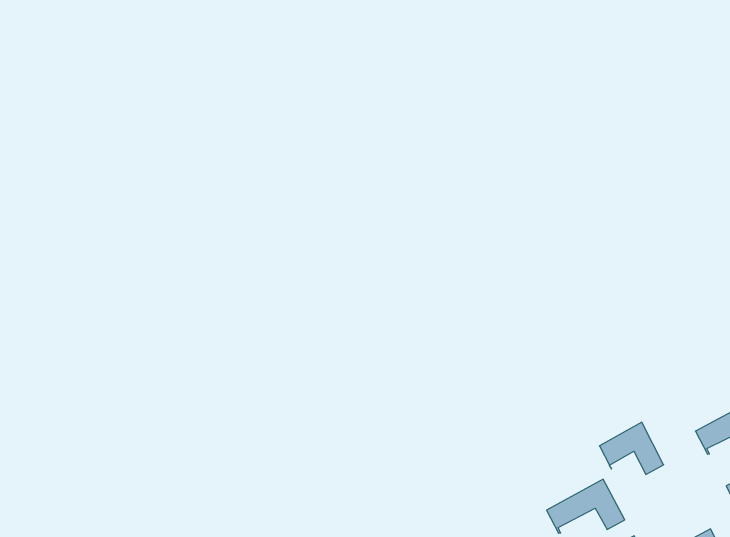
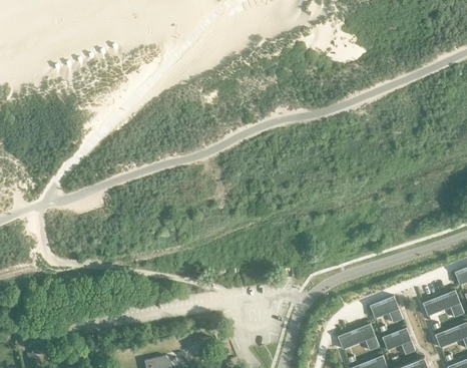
building: none -> [382,328,416,355]

